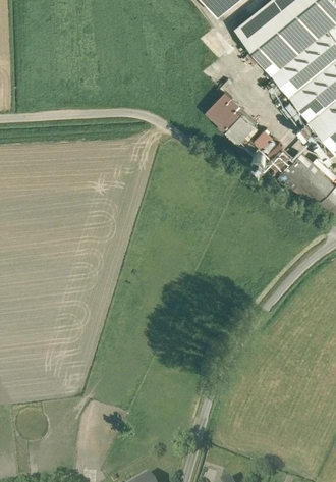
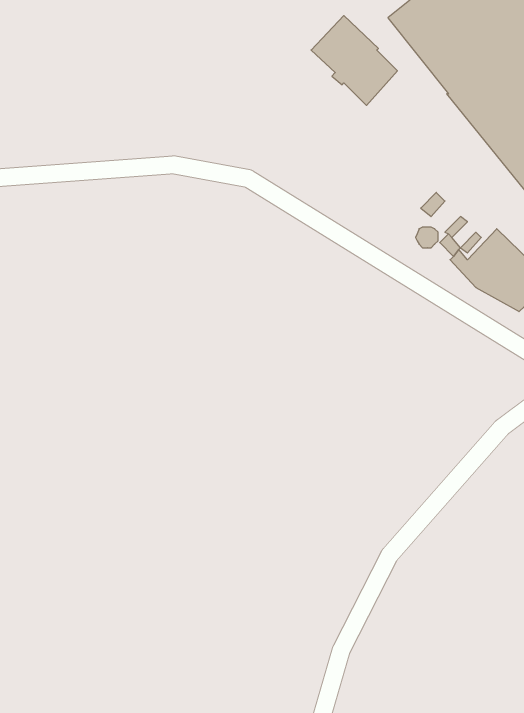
building: [205,93,256,146] -> [311,16,397,105]

